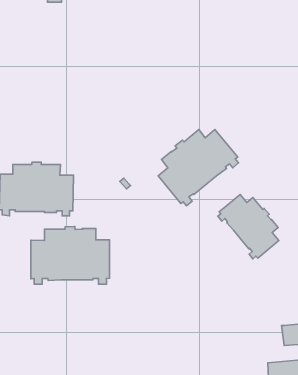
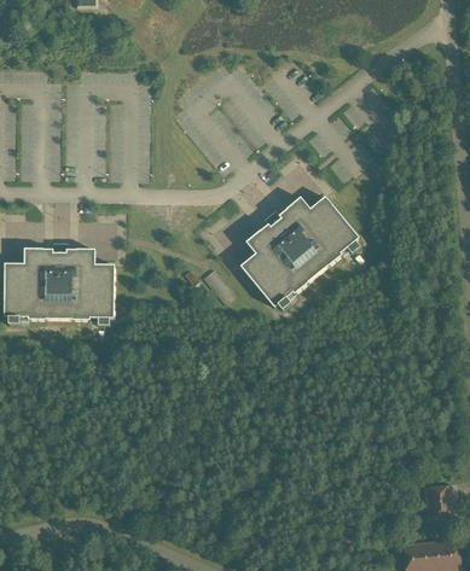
building: [218,195,279,259] -> none
building: [31,227,110,284] -> none

